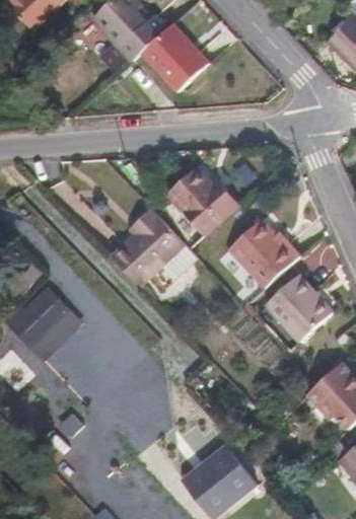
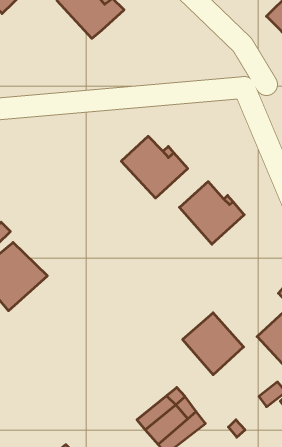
building: [143,25,208,91] -> none
building: [106,207,181,285] -> none
building: [266,275,333,343] -> [183,313,244,375]

